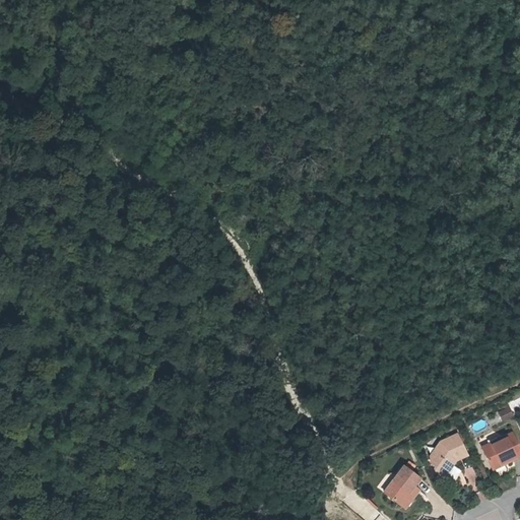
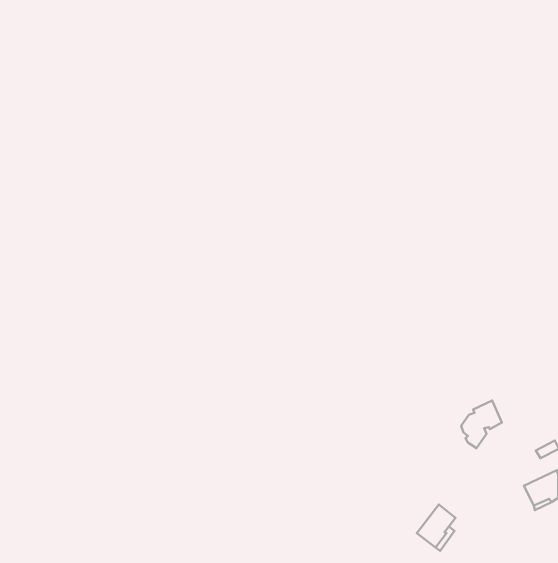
building: [430,434,467,477] -> [461,401,502,448]

